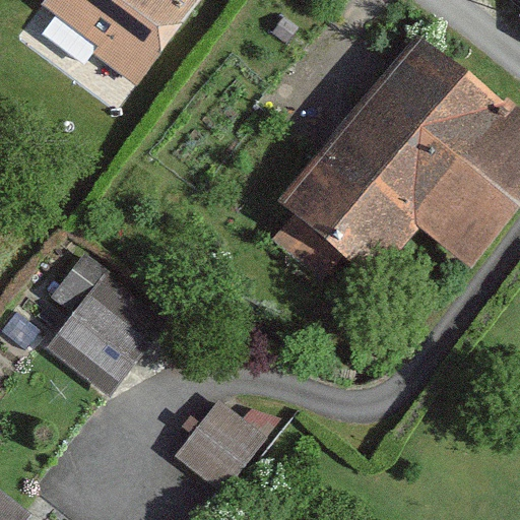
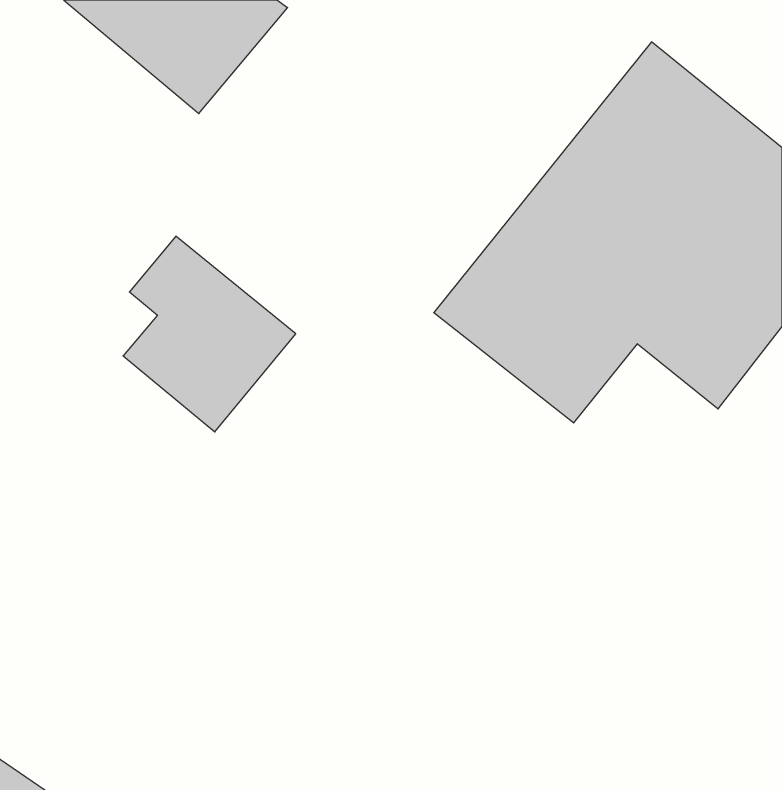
building: [45,259,157,387] -> [123,236,296,432]
building: [162,403,257,499] -> none

